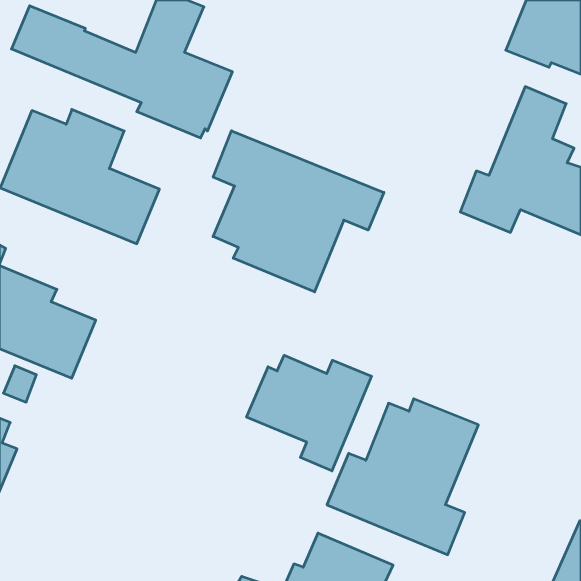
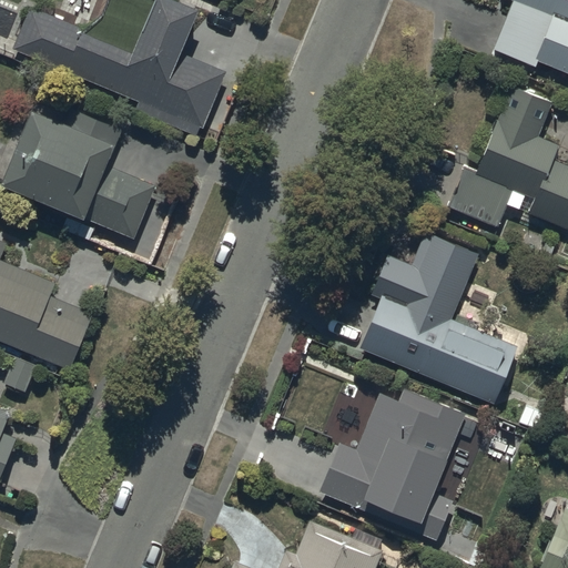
building: [213,131,384,292] -> none
building: none -> [359,232,517,404]
building: [247,355,371,471] -> none

